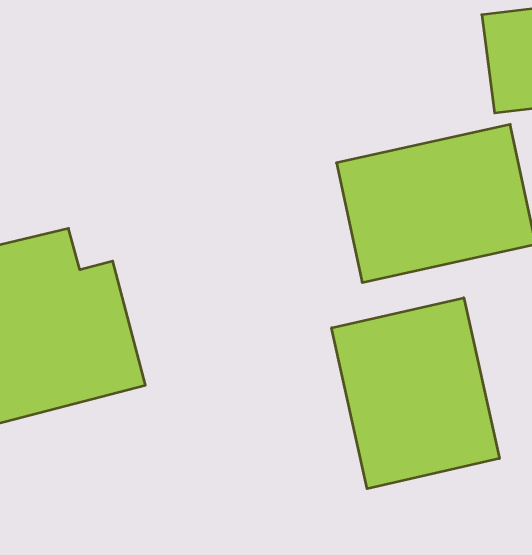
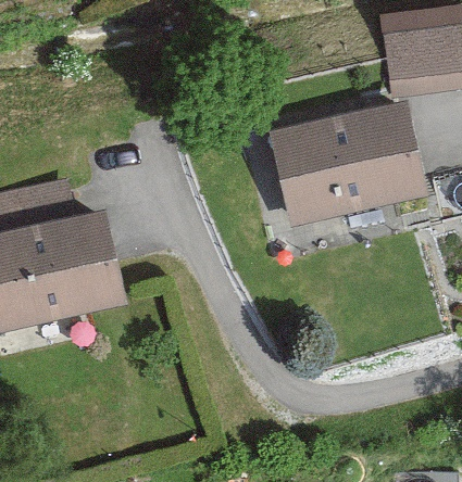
building: [332,298,499,489] -> none

